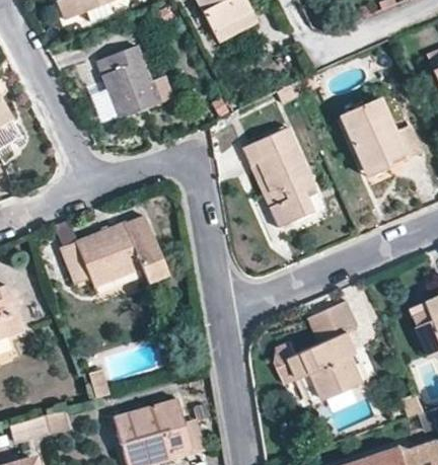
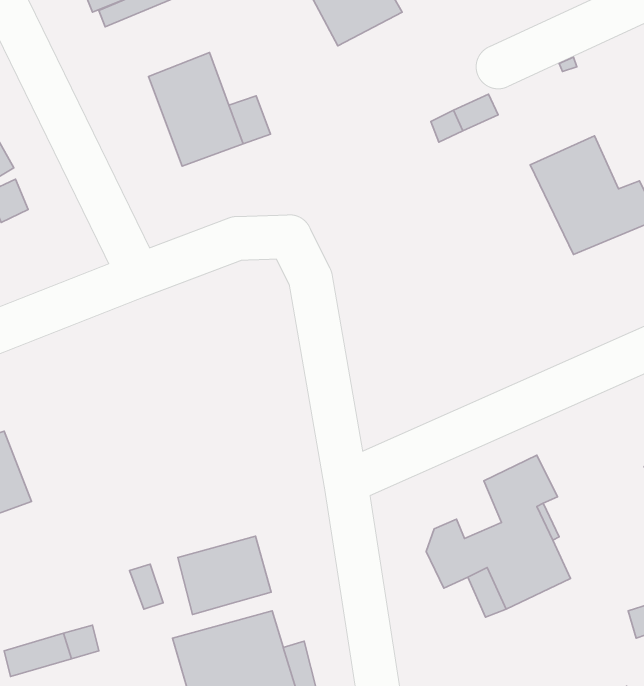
building: [242,127,322,226] -> none
building: [61,215,167,286] -> none
building: none -> [178,536,271,614]

